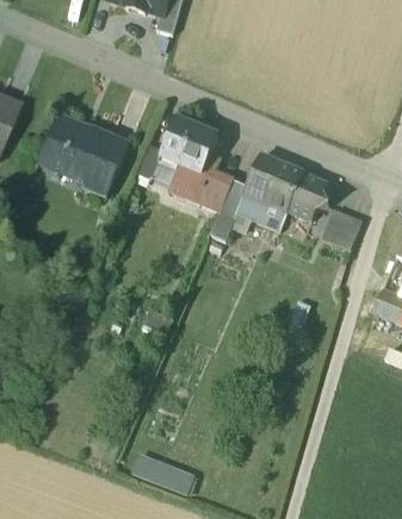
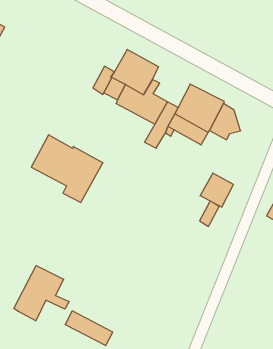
building: [41,114,130,195] -> [31,135,103,202]
building: [322,208,363,250] -> [200,173,233,207]
building: none -> [14,266,69,321]

